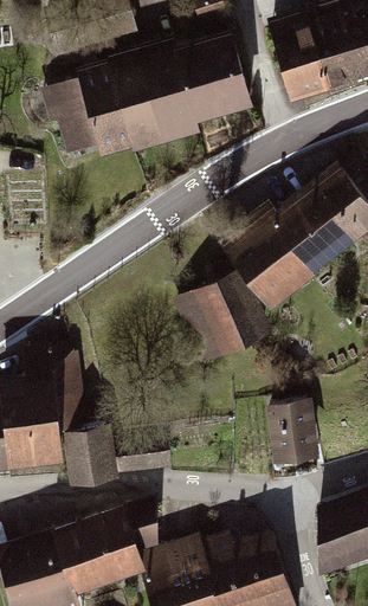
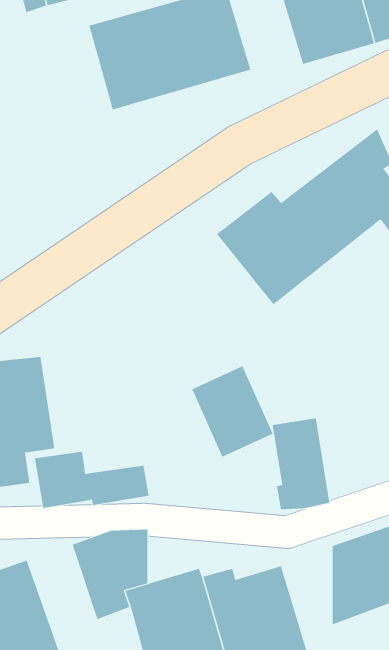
building: [47,70,130,159] -> none
building: [195,279,265,357] -> [191,366,273,457]
building: [58,511,117,588] -> none

